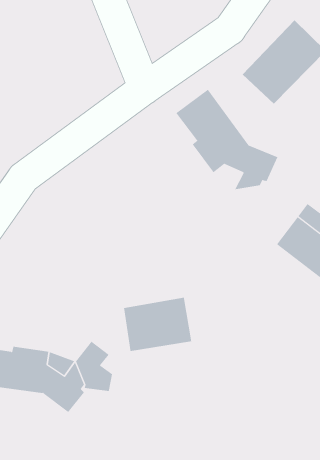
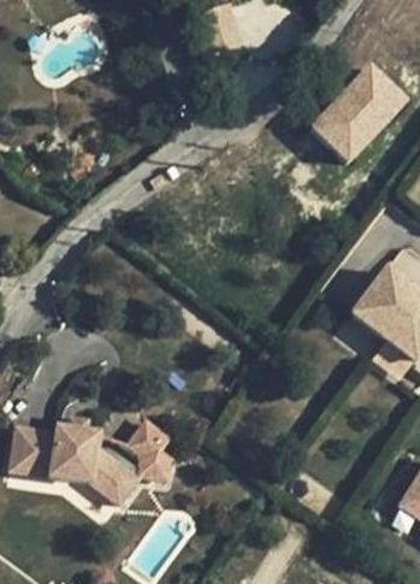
building: [175,89,278,190] -> none
building: [123,297,192,352] -> none

